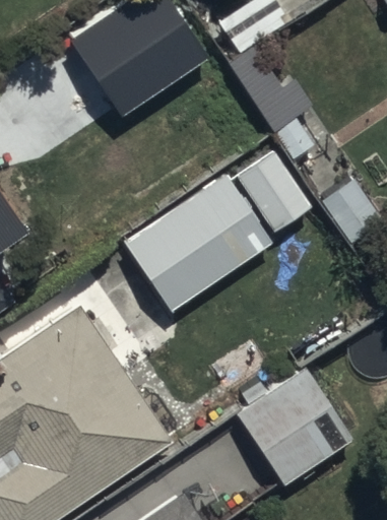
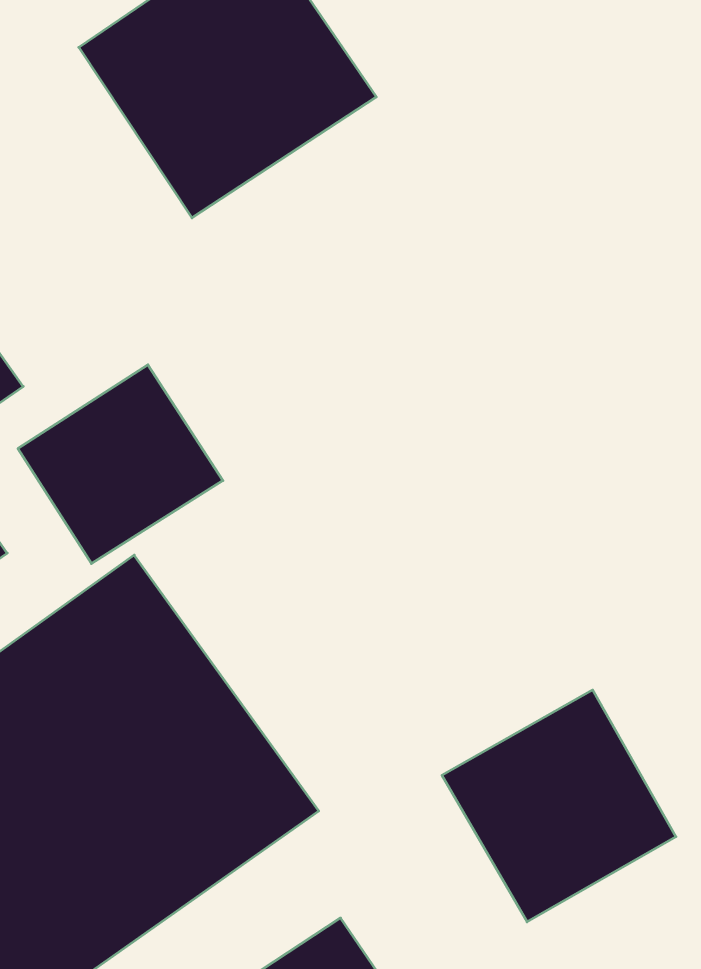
building: [122,177,275,316] -> none
building: none -> [18,365,223,564]

